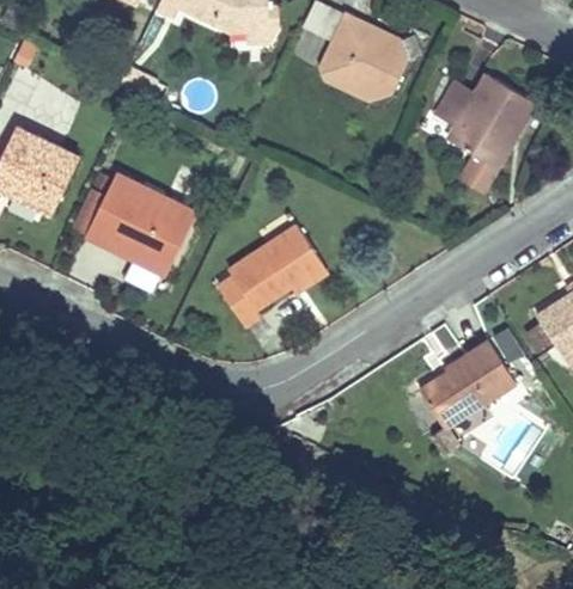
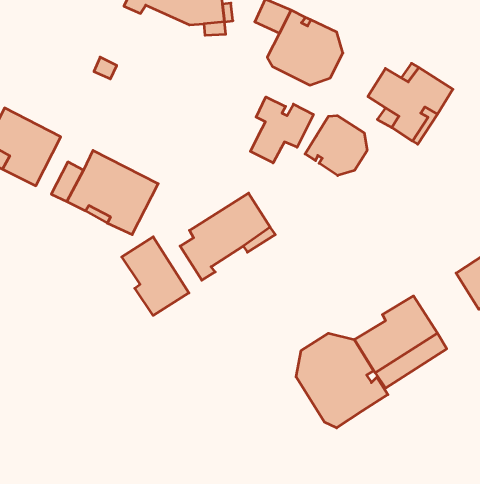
building: none -> [250,97,313,163]
building: none -> [305,116,367,176]
building: none -> [122,237,189,315]
building: none -> [296,333,388,428]

